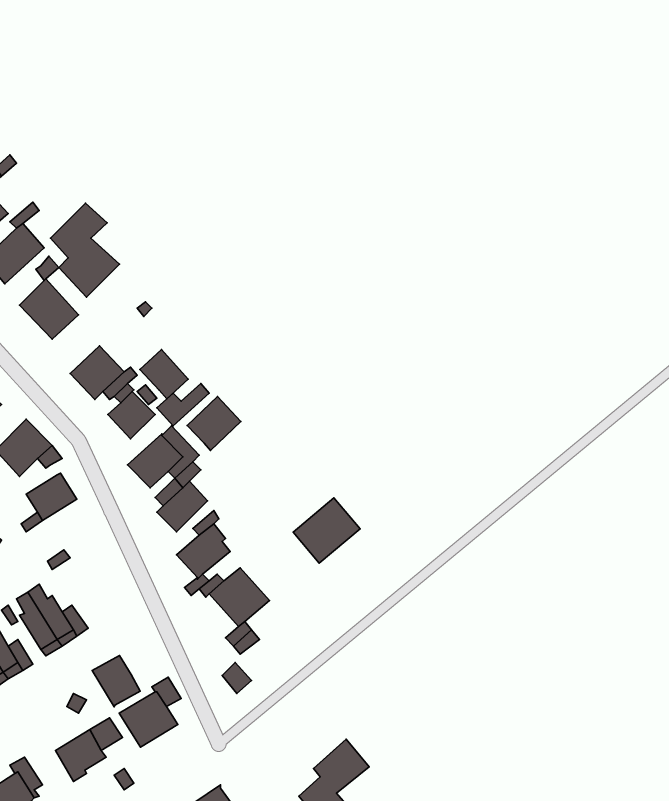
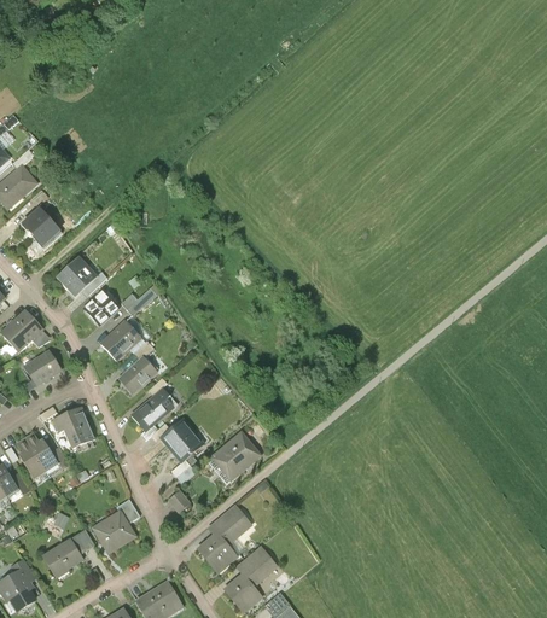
building: [50,203,119,297] -> none
building: [140,350,188,399] -> none
building: [187,397,241,450] -> none
building: [293,498,360,563] -> [210,433,260,482]
building: none -> [53,408,95,450]
building: [92,656,140,707] -> none
building: none -> [198,503,252,571]

